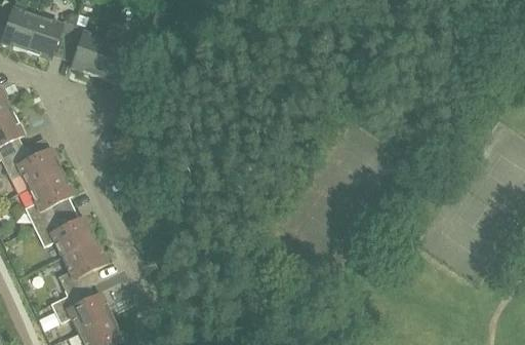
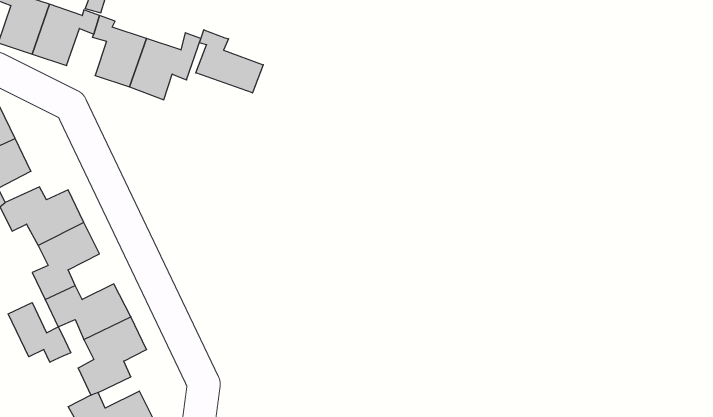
building: none -> [196,30,263,93]
building: none -> [8,303,71,362]

